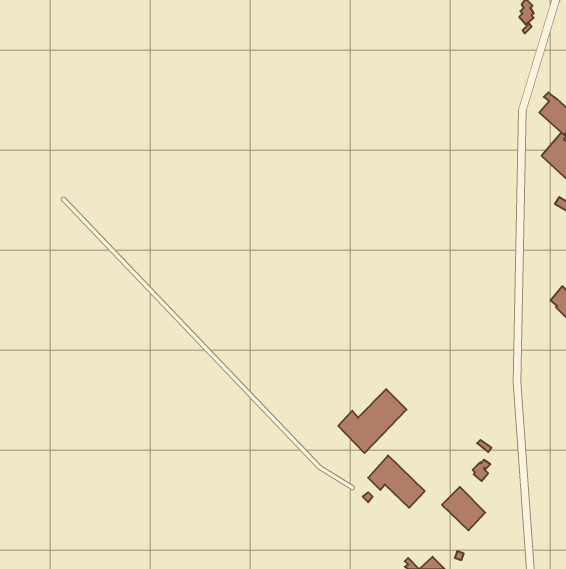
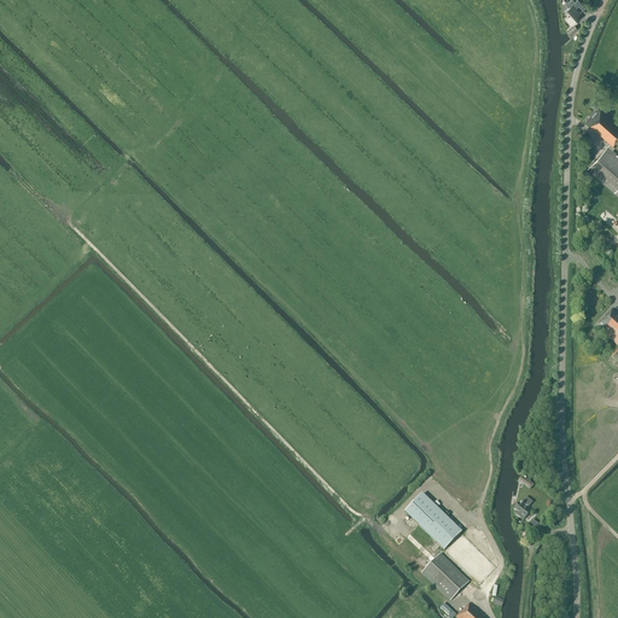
building: [338,389,407,453] -> none
building: [442,487,485,530] -> [424,554,471,601]

